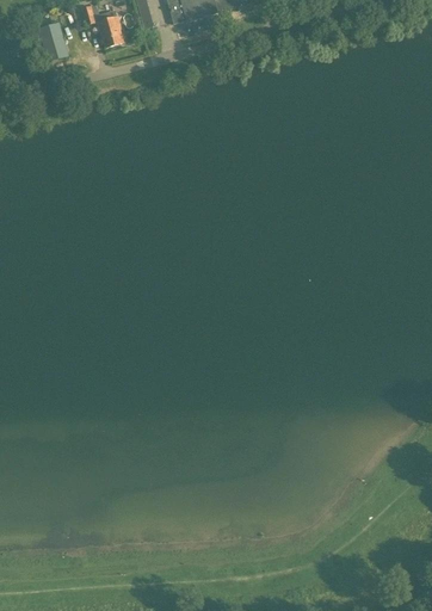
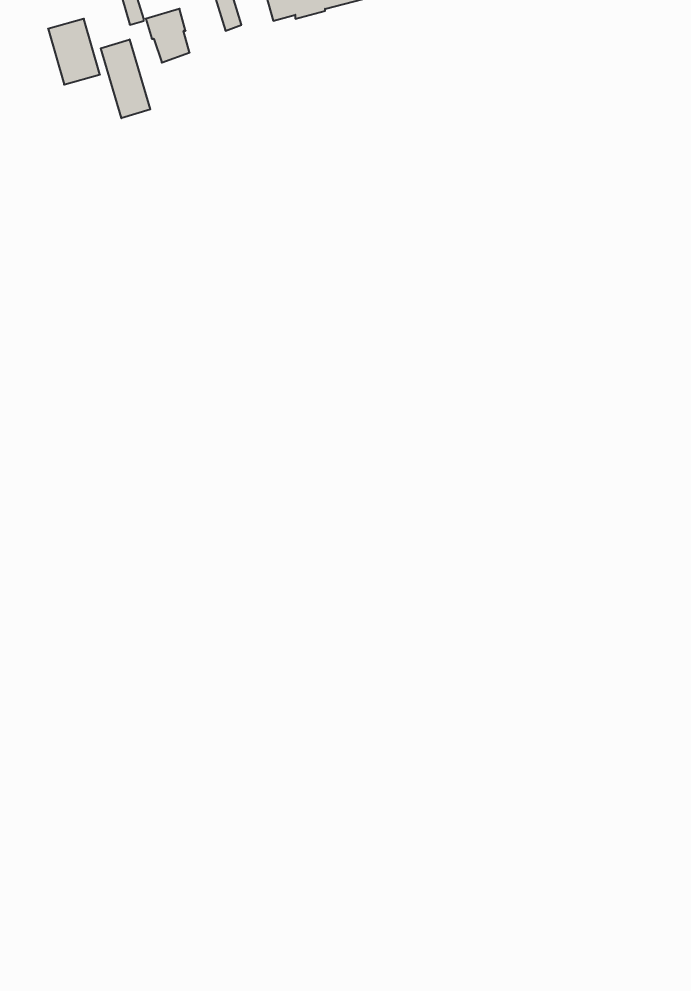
building: none -> [101,39,150,118]

